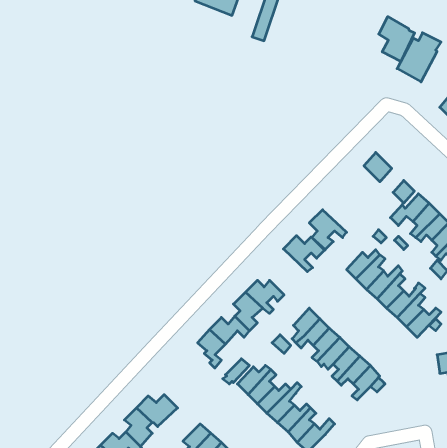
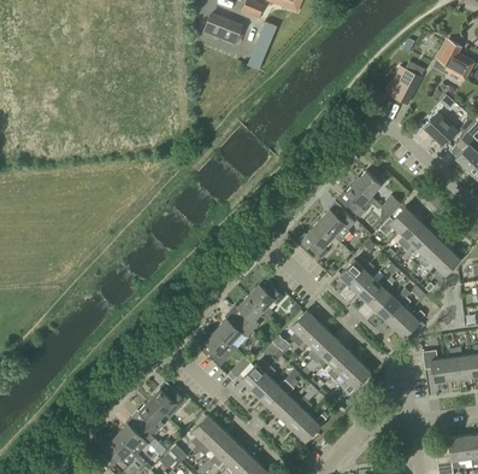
building: [379,17,415,62] -> none
building: none -> [344,182,374,218]
building: [283,236,325,272] -> [318,210,355,242]

